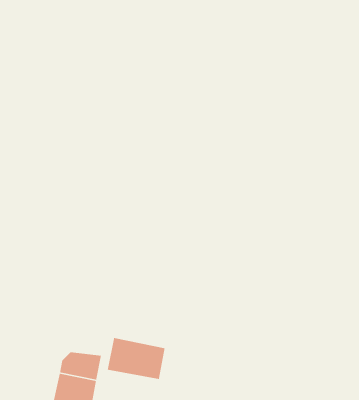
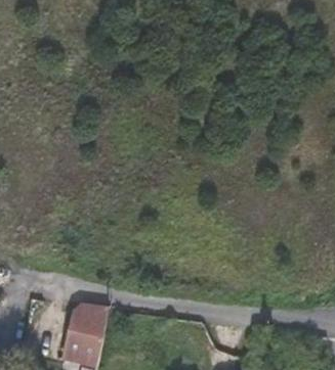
building: [107,337,165,380] -> none

